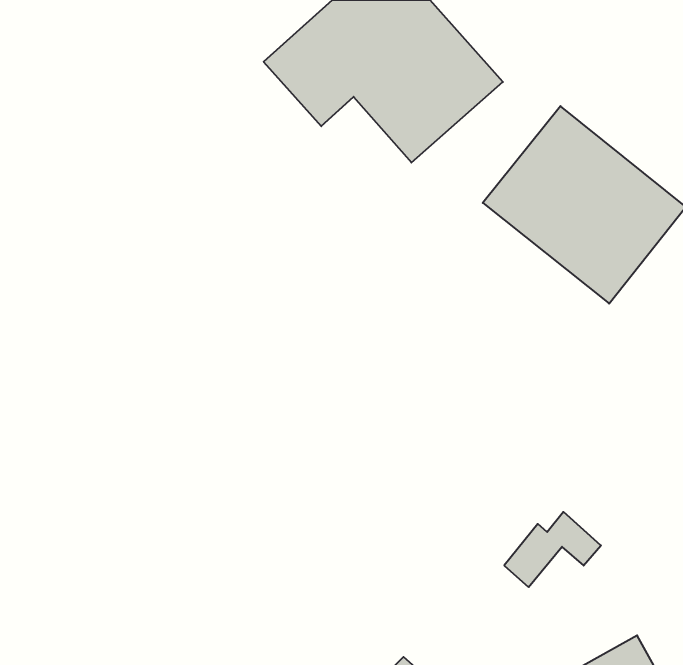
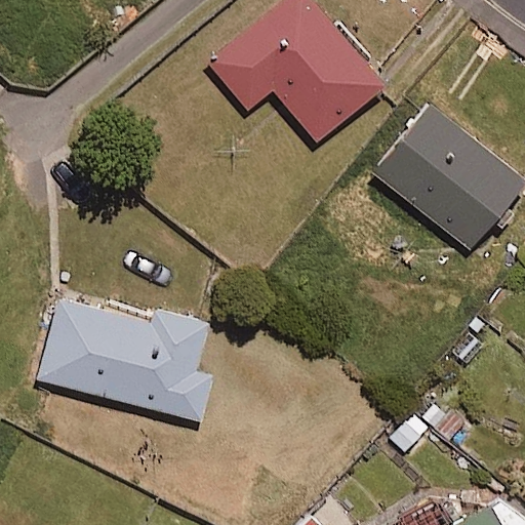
building: none -> [39,295,213,422]

